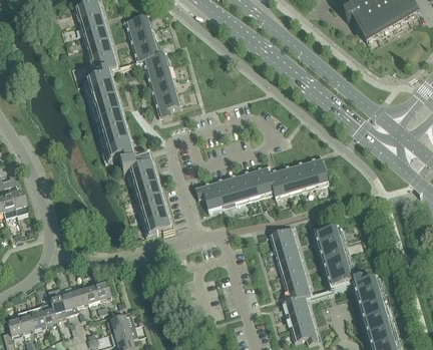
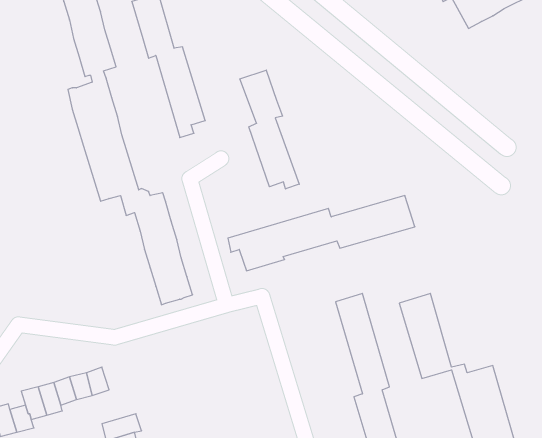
building: none -> [240,70,299,189]

